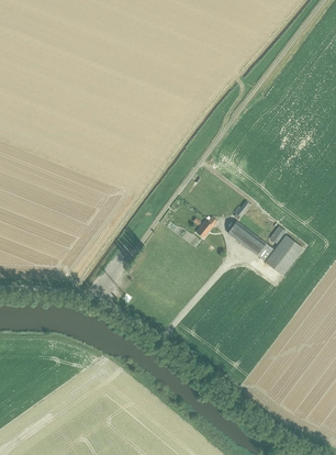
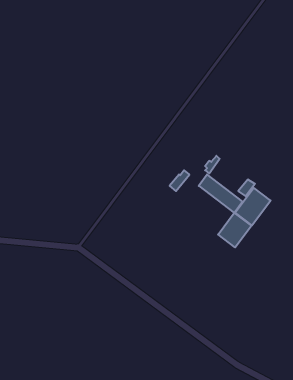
building: none -> [218,213,251,247]

